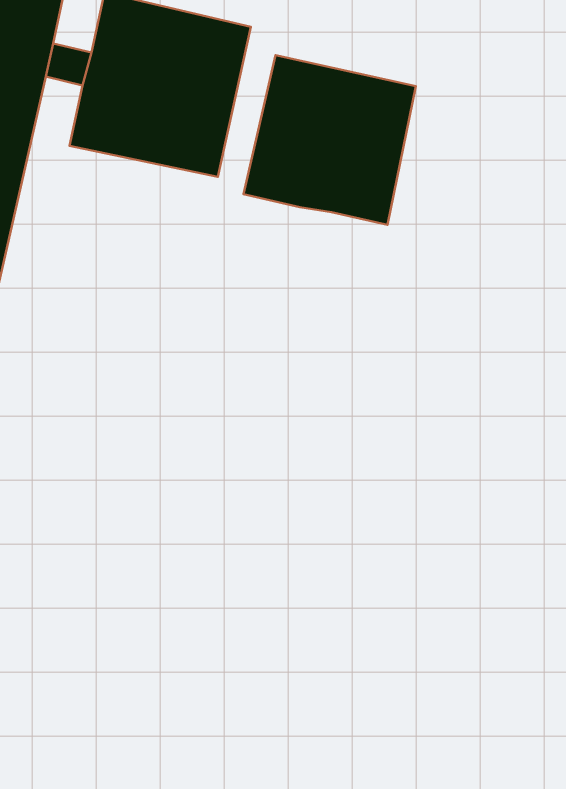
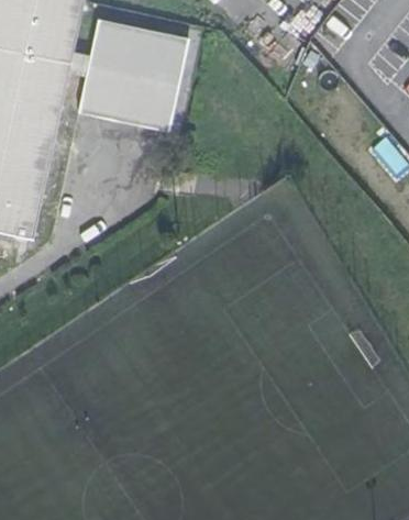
building: [244,55,416,225] -> none

